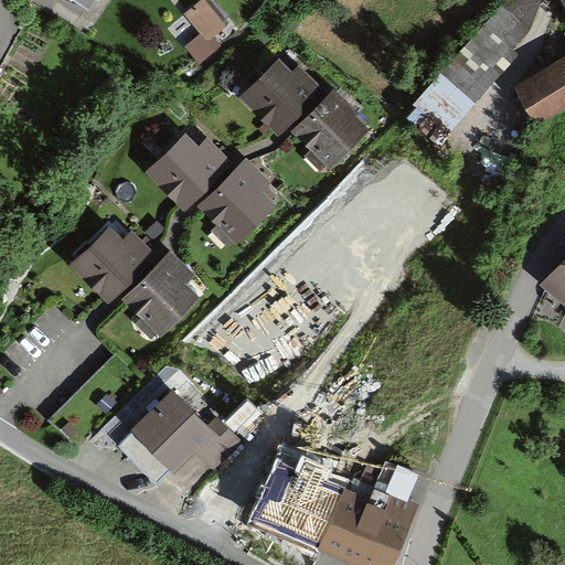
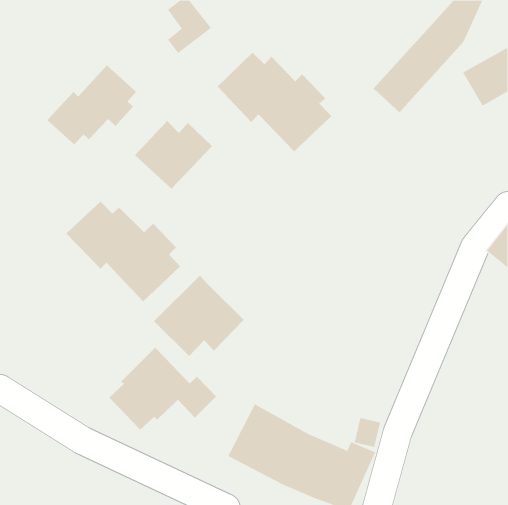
building: none -> [47,64,137,145]
building: [199,159,274,243] -> none
building: none -> [153,275,245,357]

